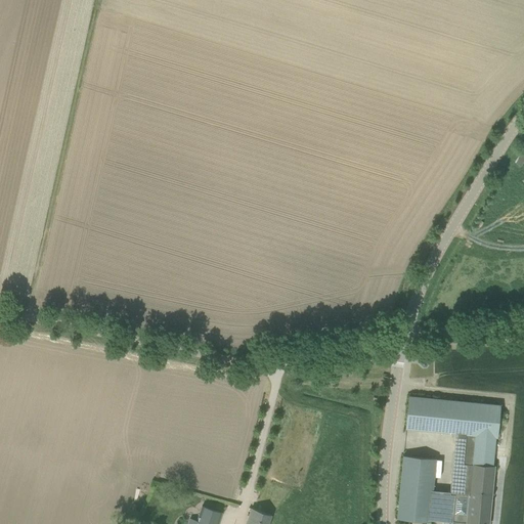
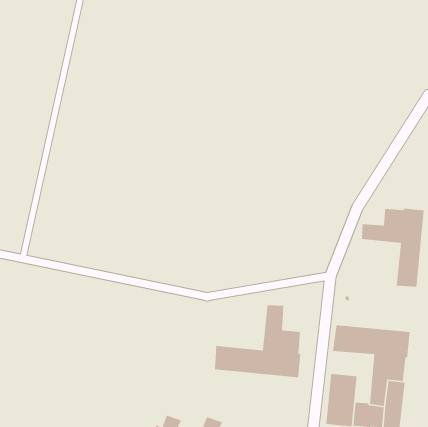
building: none -> [361,208,425,287]
building: none -> [214,304,301,378]

